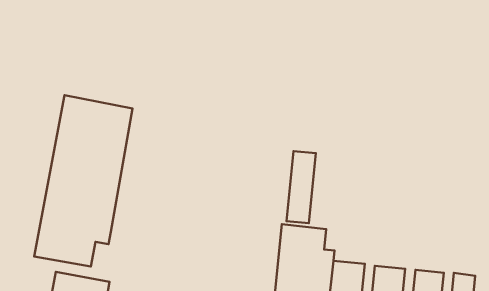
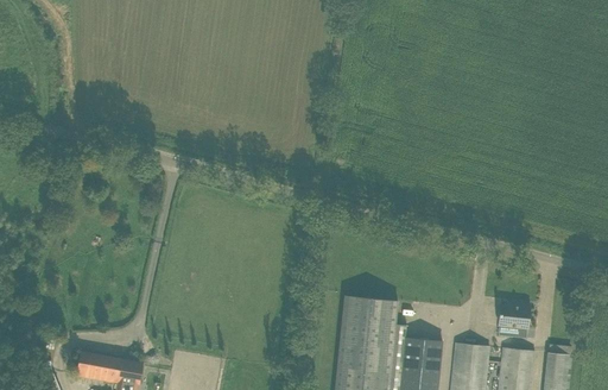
building: [34,95,133,267] -> none
building: [286,151,316,223] -> none
building: none -> [498,302,530,328]

